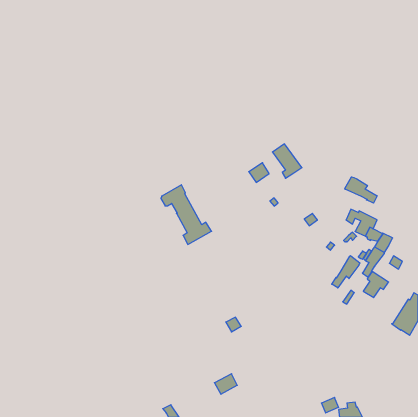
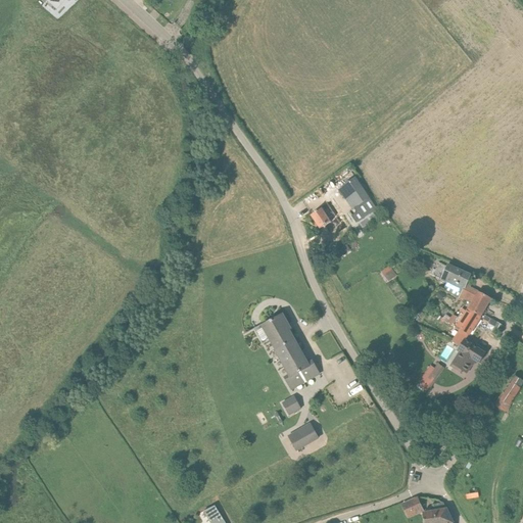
building: [345,177,377,203] -> none
building: [161,185,212,244] -> [256,314,320,388]
building: [332,256,360,288] -> none
building: [214,374,237,394] -> [289,424,318,449]

